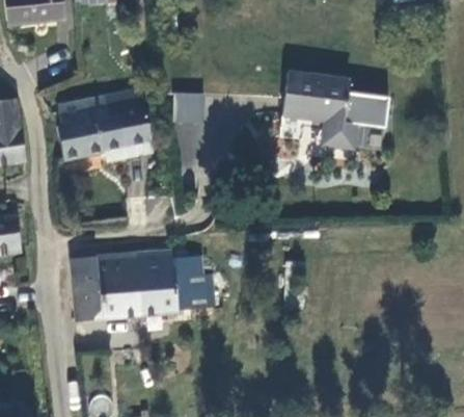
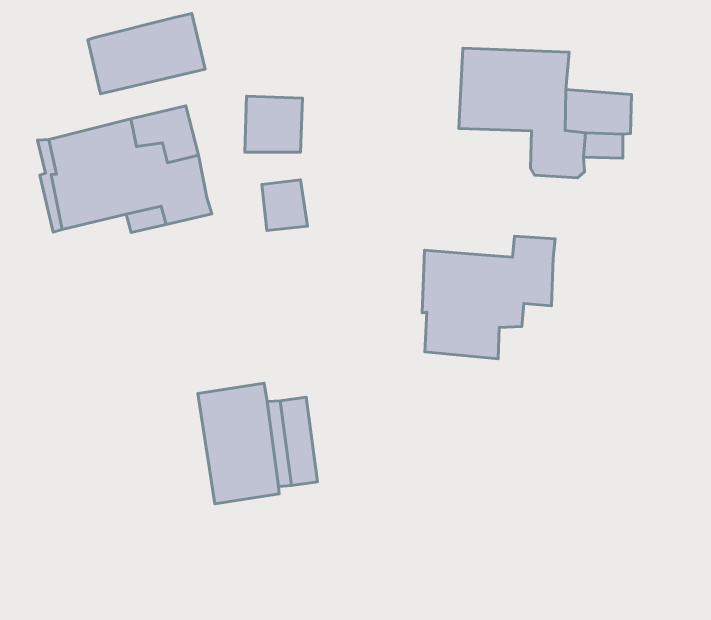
building: none -> [88,14,205,94]
building: none -> [422,236,555,359]
building: [72,253,137,318] -> none

